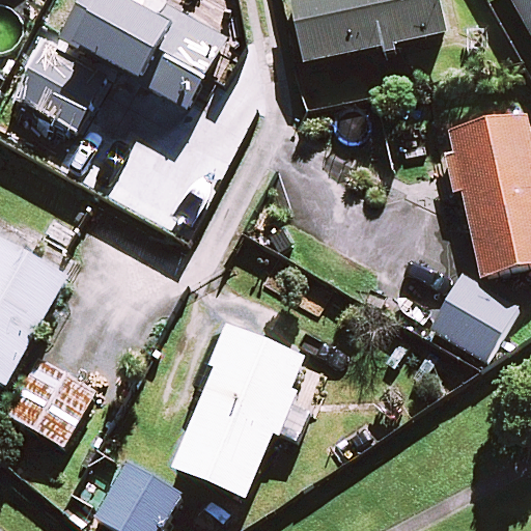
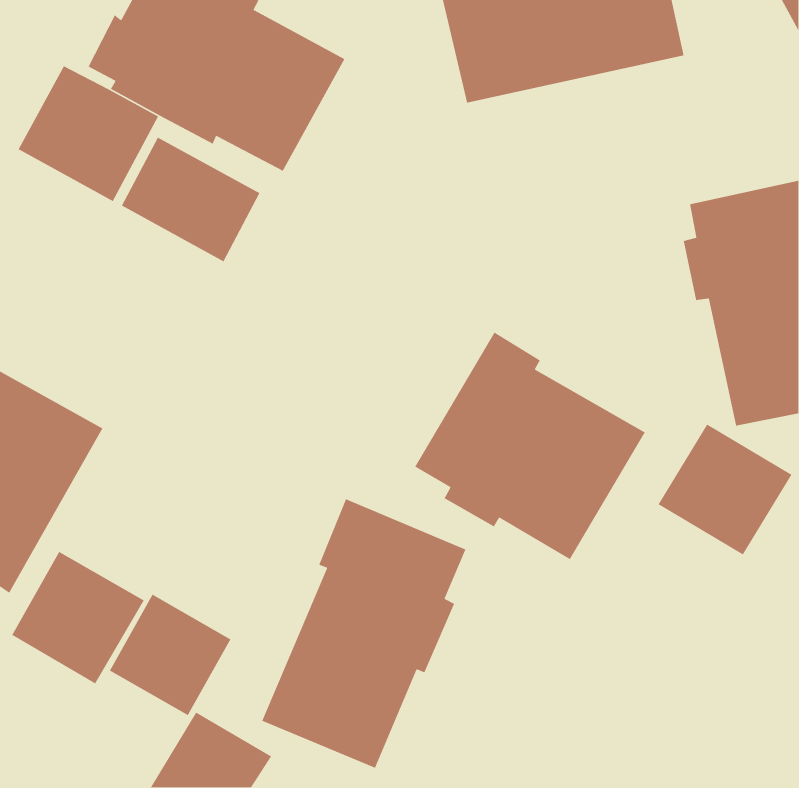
building: none -> [121,137,261,262]
building: none -> [414,331,646,560]
building: none -> [109,594,231,716]

